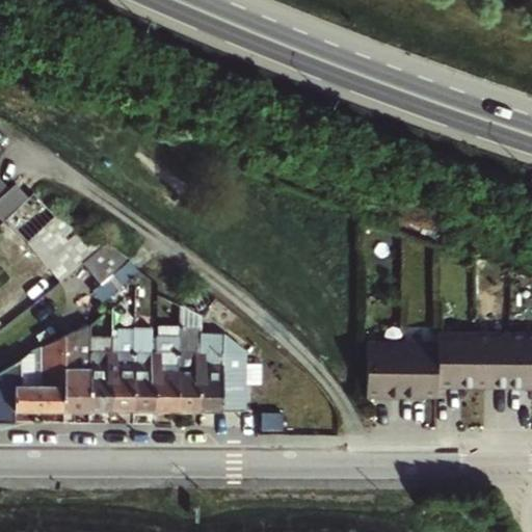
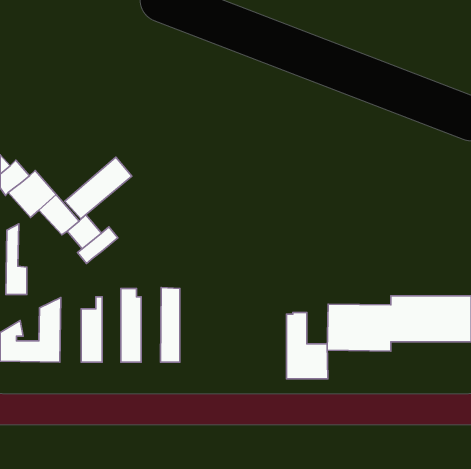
building: none -> [65,157,132,219]
building: [158,326,182,410] -> none
building: [68,330,91,410] -> [6,224,27,295]
building: [203,336,249,410] -> [286,312,328,379]
building: [115,337,136,410] -> none

